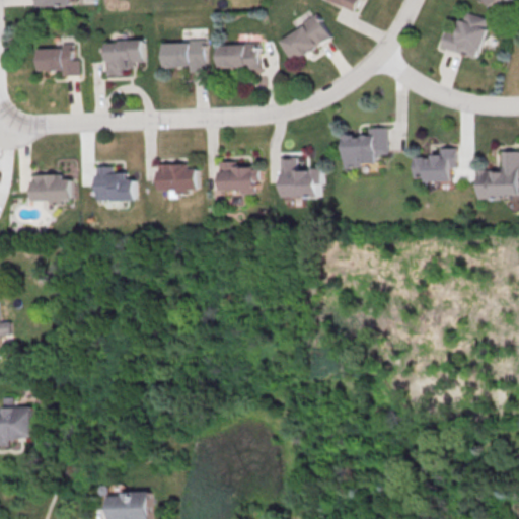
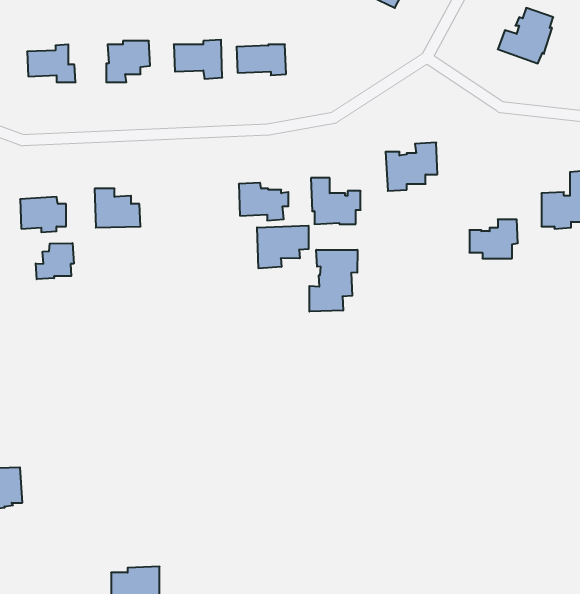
building: [279,13,328,61] -> none
building: [414,148,455,181] -> [469,219,518,258]
building: [154,163,196,194] -> none
building: none -> [257,226,309,268]
building: none -> [36,243,74,279]
building: none -> [309,250,357,312]

